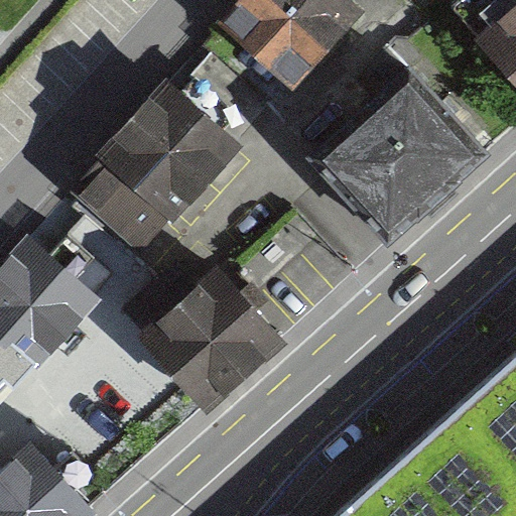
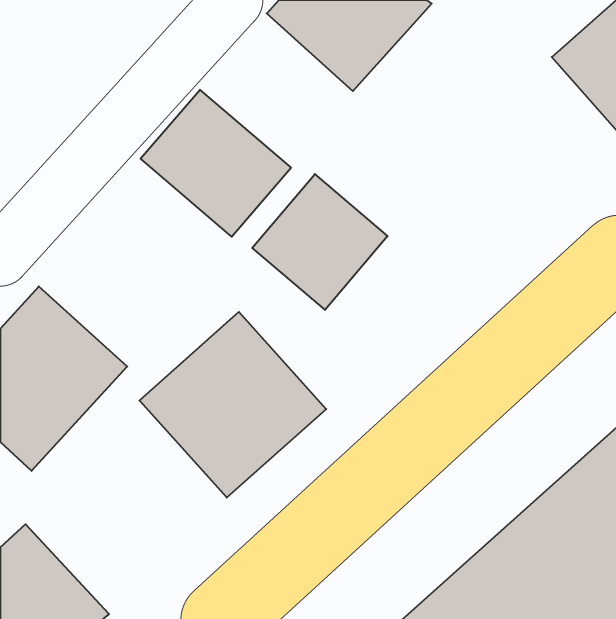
building: [316,72,487,241] -> none
building: [68,133,196,258] -> none
building: none -> [252,174,388,310]

